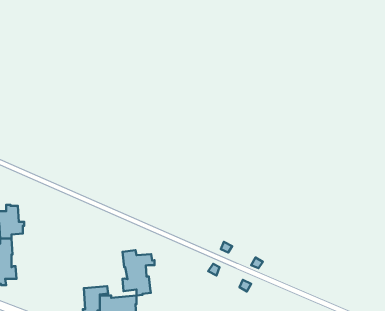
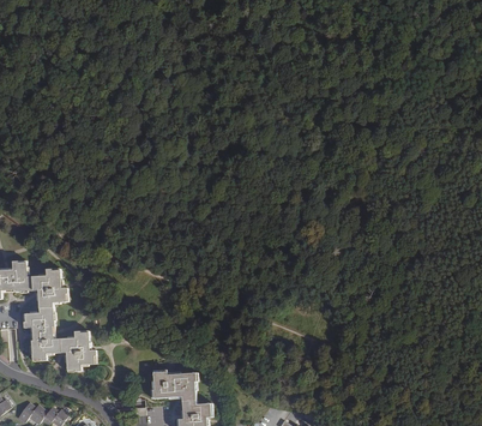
building: [122,250,155,296] -> none
building: none -> [59,331,97,371]

